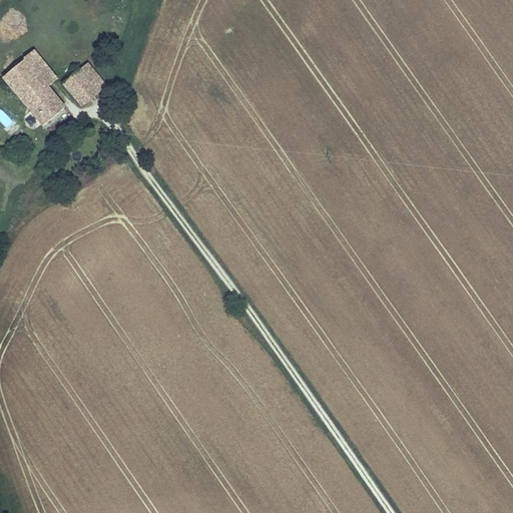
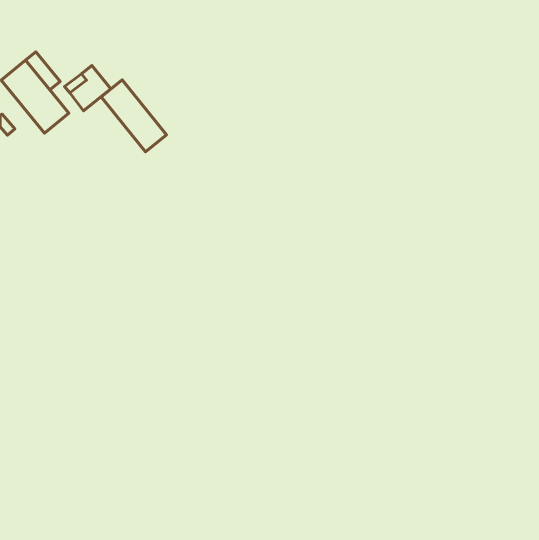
building: none -> [101,80,167,152]

